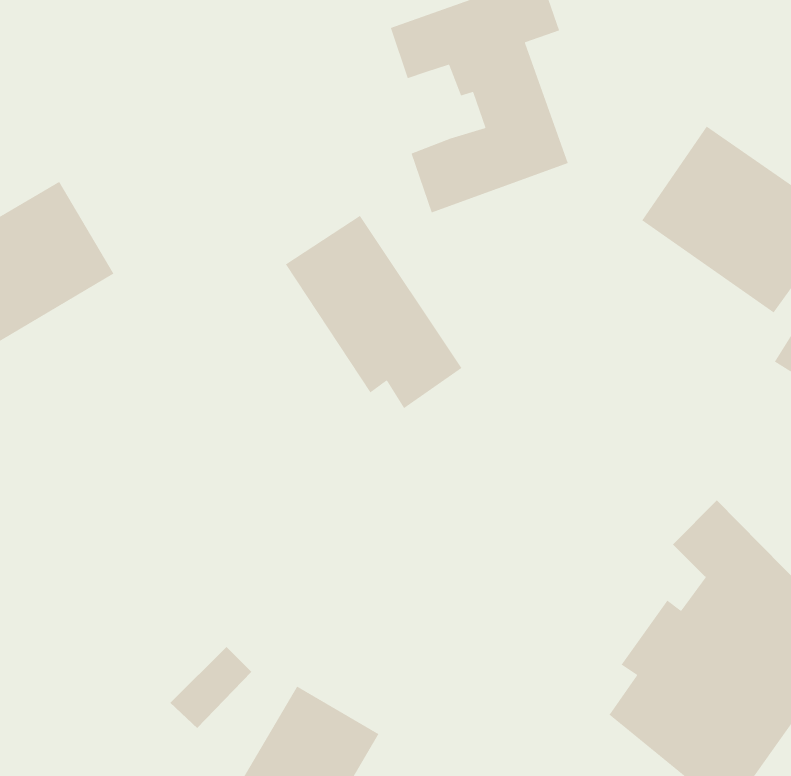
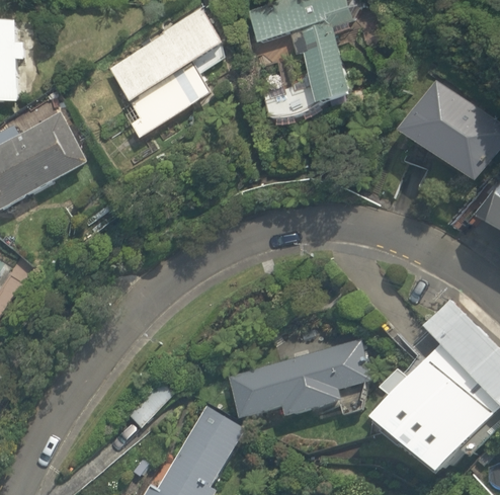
building: none -> [105,8,222,144]
building: [285,215,462,409] -> none
building: none -> [230,341,371,416]

